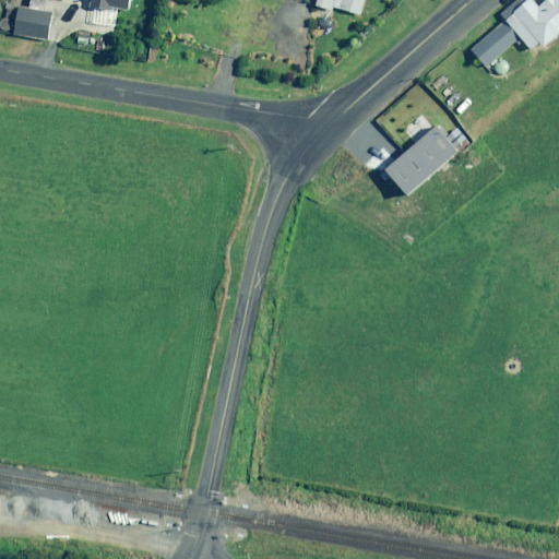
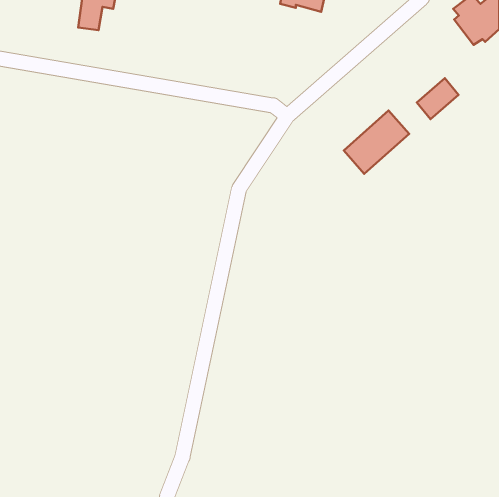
building: [16,4,52,39] -> none
building: [469,20,516,66] -> [417,78,459,119]

